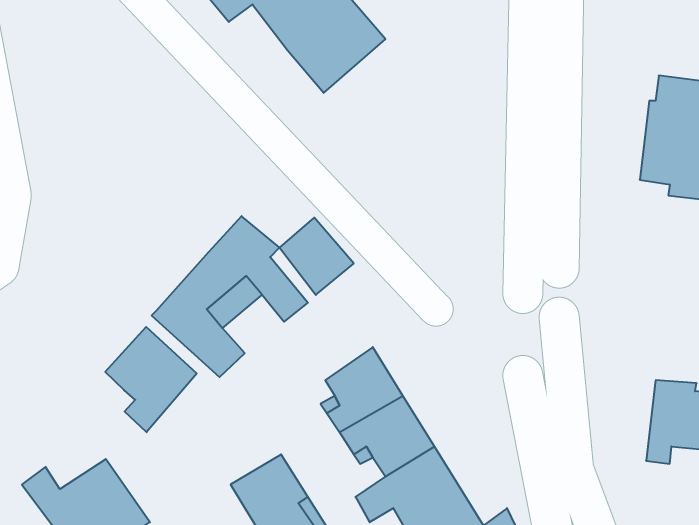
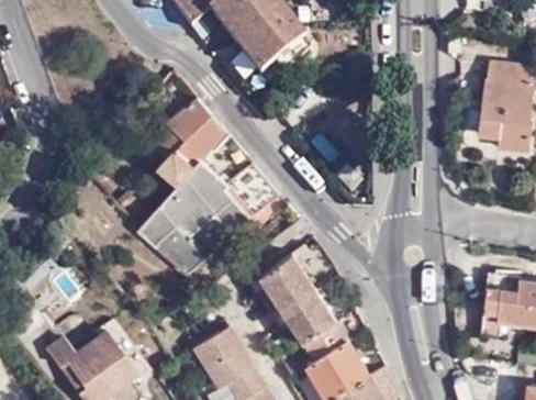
building: none -> [155,99,226,187]
building: [105,327,197,432] -> none

